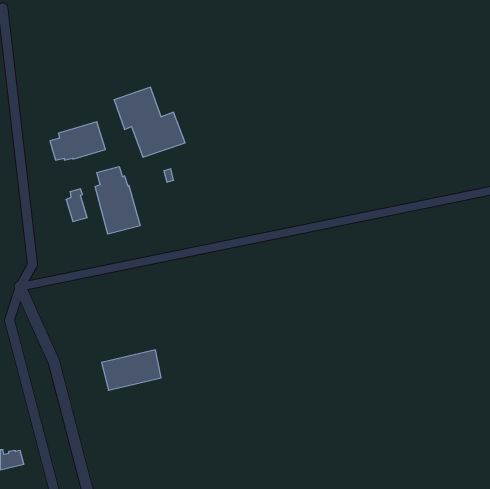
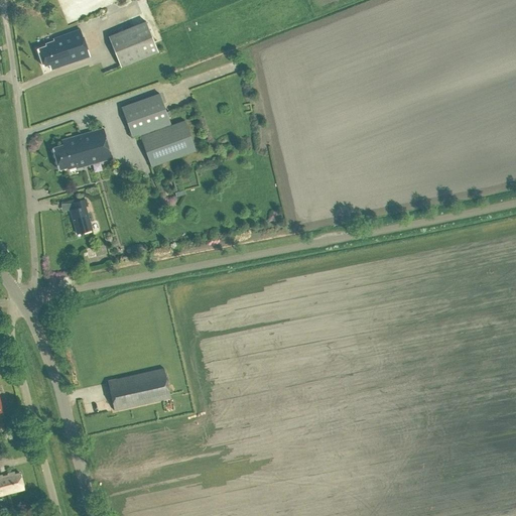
building: none -> [107,19,157,66]
building: none -> [37,29,90,70]
building: [95,167,140,234] -> none

